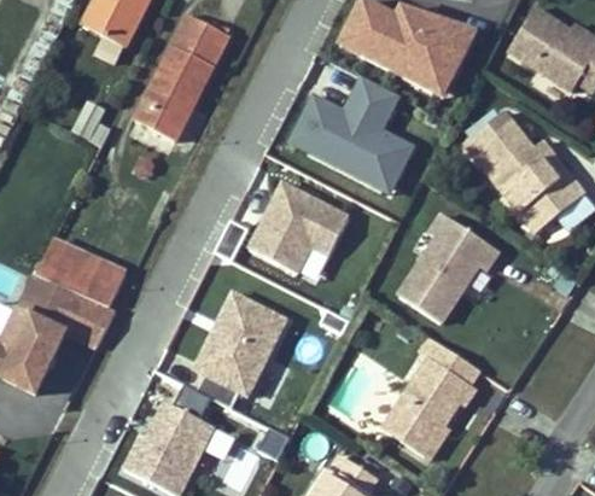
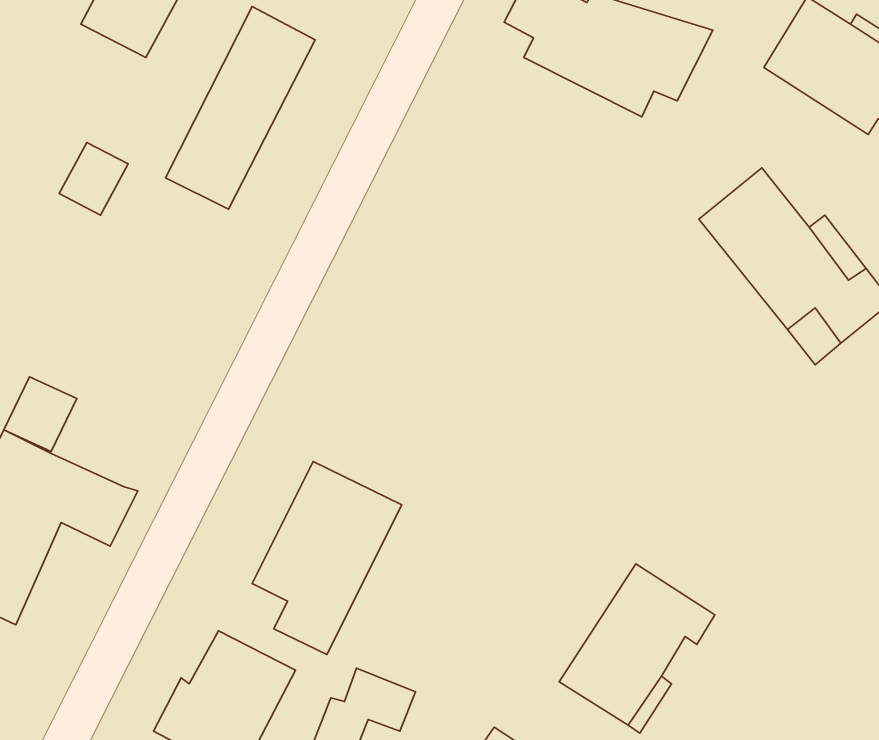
building: [294,78,415,185] -> none
building: [255,179,356,263] -> none
building: [392,214,502,325] -> none
building: [66,256,127,309] -> none

